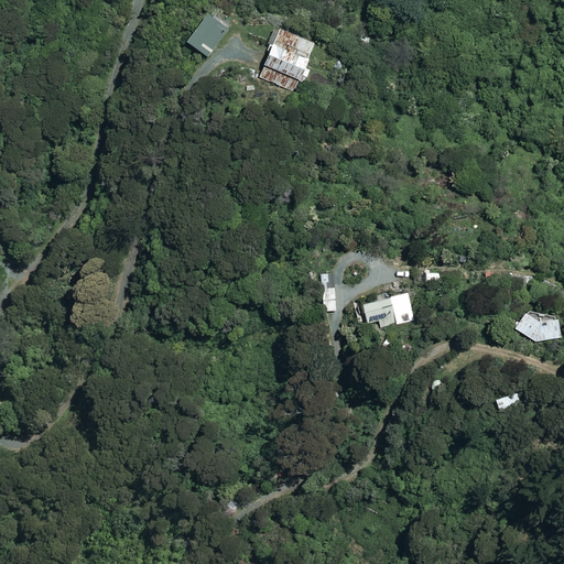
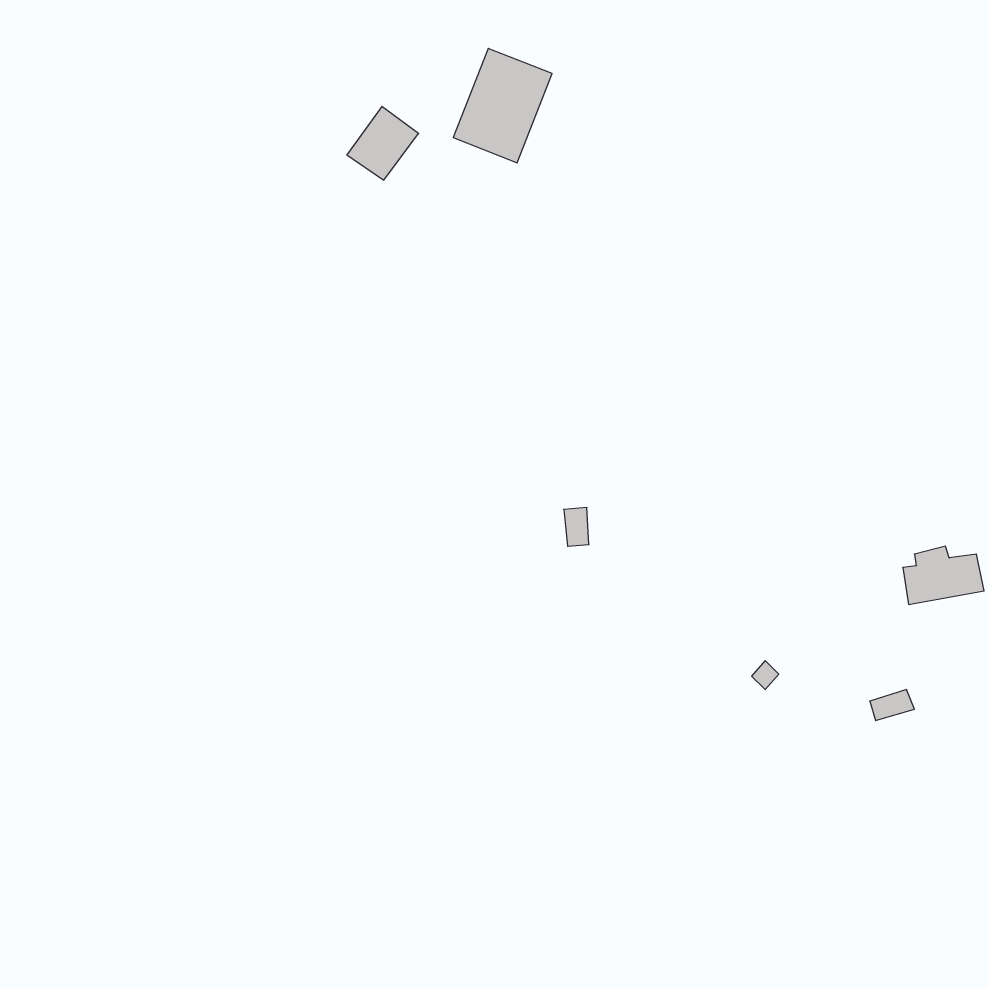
building: [187,14,228,56] -> [347,106,419,180]
building: [362,292,414,326] -> none

